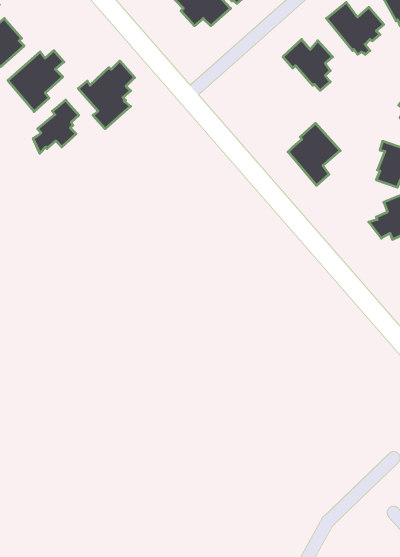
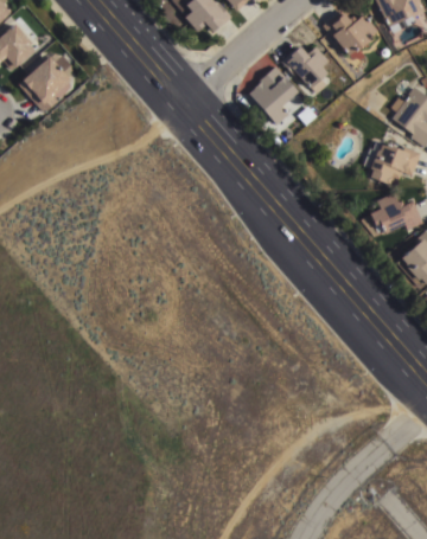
building: [78,61,135,129] -> none
building: [33,100,79,153] -> none
building: [288,123,340,185] -> [248,65,298,124]

